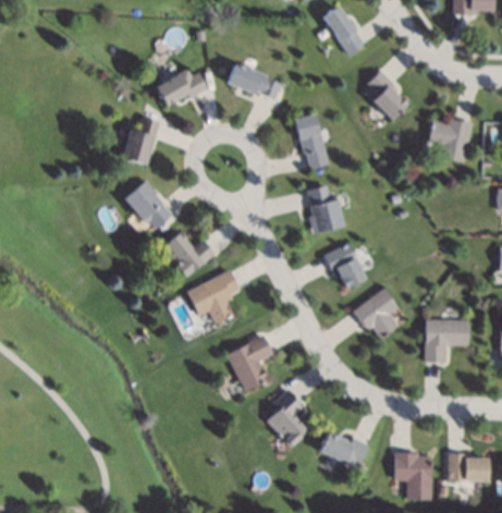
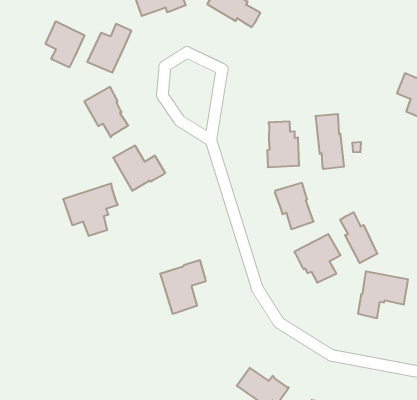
building: [365,70,407,120] -> none
building: [294,113,330,169] -> [315,114,344,169]
building: none -> [46,21,84,67]
building: none -> [340,212,377,263]
building: [185,269,240,323] -> [63,184,118,236]
building: [265,388,308,447] -> none

